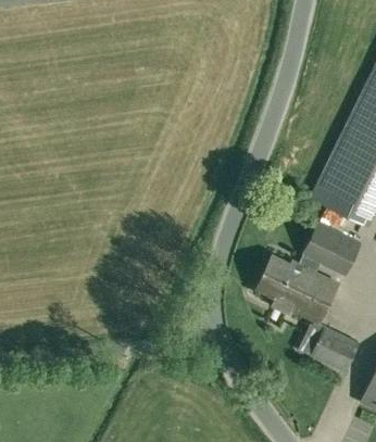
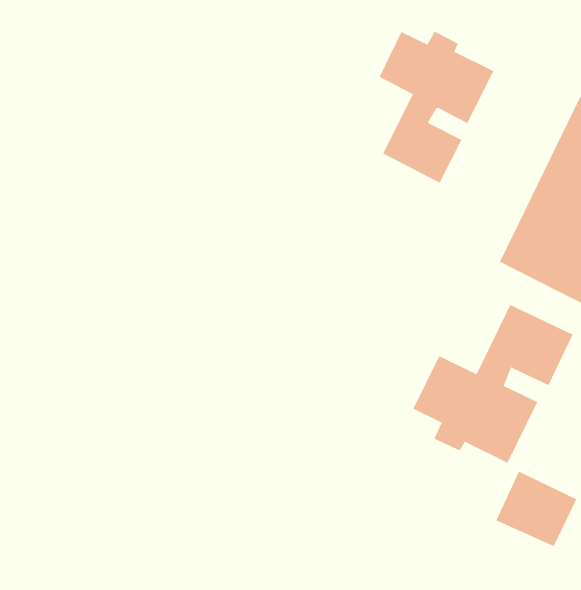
building: none -> [379,31,494,183]

